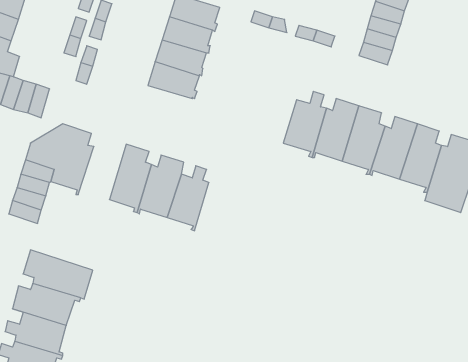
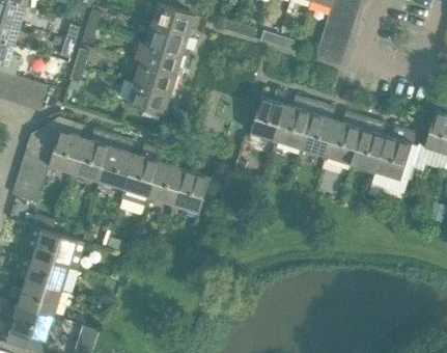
building: none -> [127,84,170,115]
building: none -> [72,129,113,183]
building: none -> [172,160,211,214]

